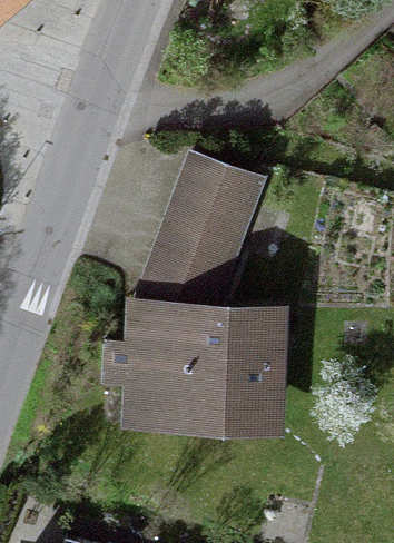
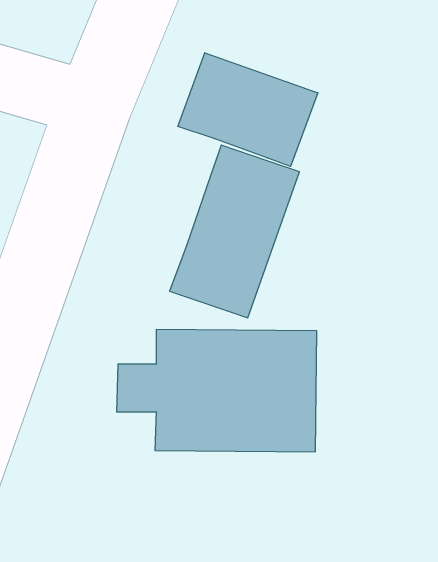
building: none -> [178,53,318,166]

